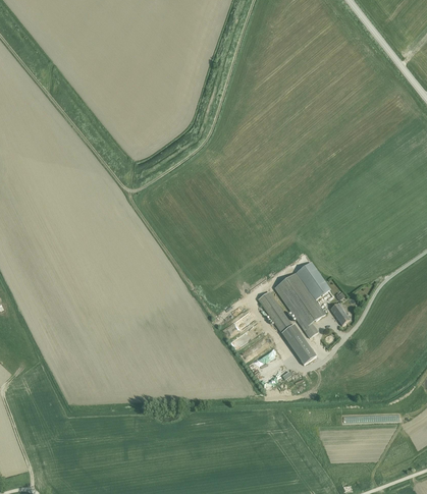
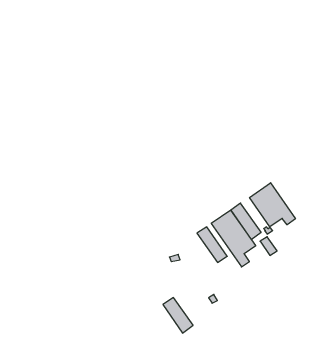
building: none -> [250,183,295,227]
building: [281,324,316,365] -> [163,298,193,333]

